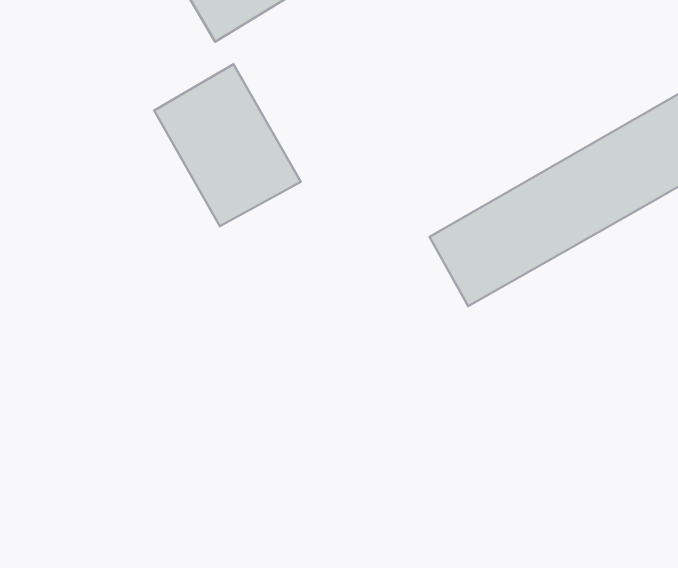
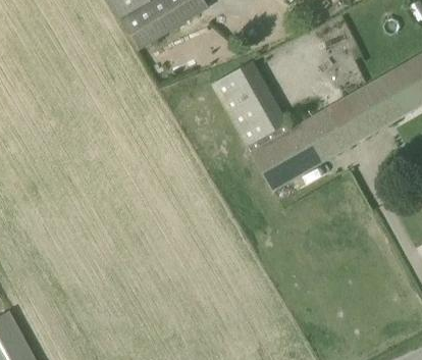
building: [154,64,301,226] -> [211,59,288,145]

